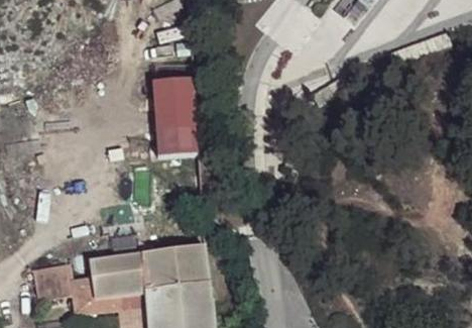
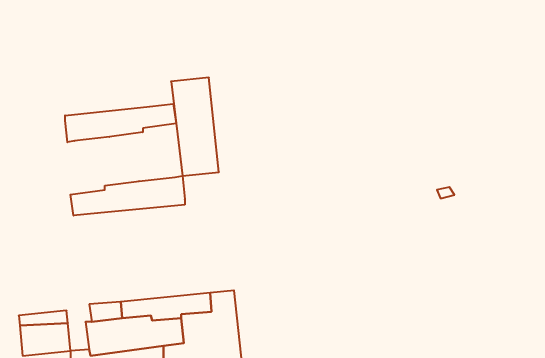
building: none -> [65,104,176,142]
building: none -> [70,176,185,216]

